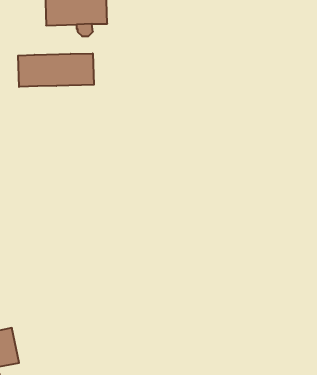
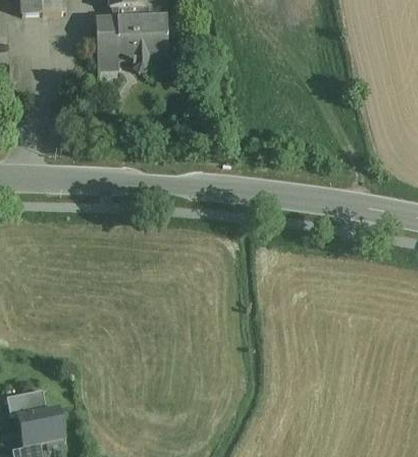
building: [18,53,94,87] -> none

